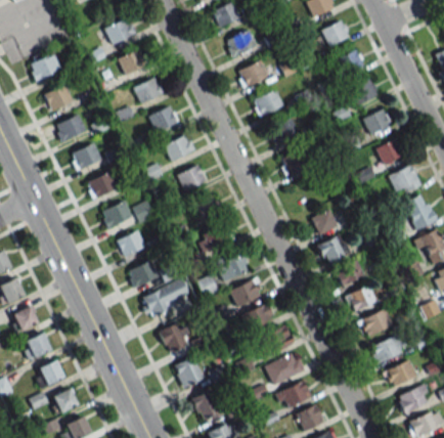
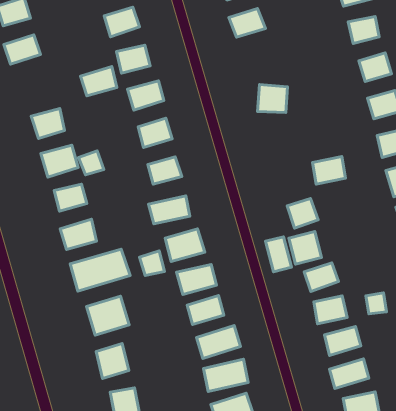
building: [252,90,283,116] -> none
building: [70,142,101,170] -> [80,67,117,96]
building: [280,149,310,176] -> [312,156,346,184]
building: none -> [266,237,291,272]

